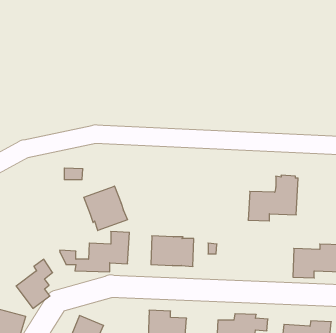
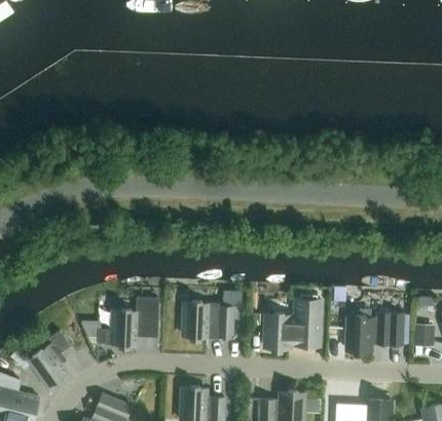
building: [248,175,298,221] -> [265,296,323,348]
building: [84,186,127,231] -> none

